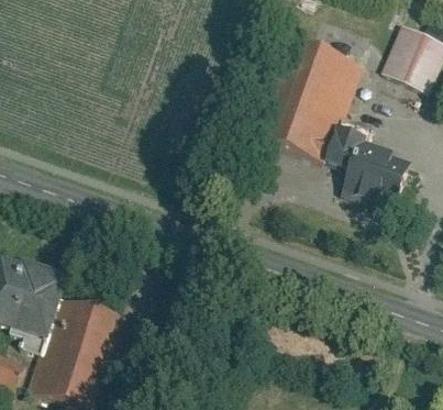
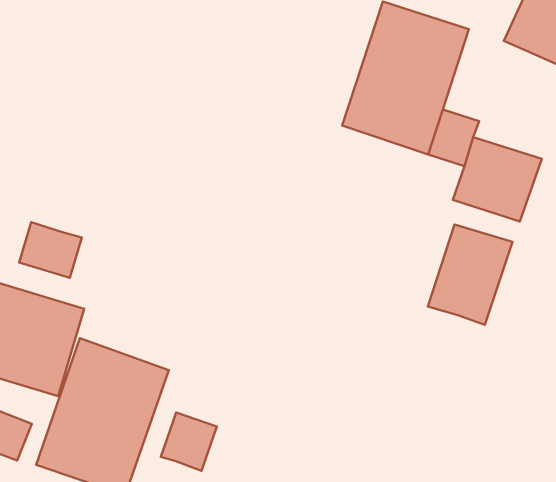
building: none -> [19,222,82,278]
building: none -> [428,225,512,325]
building: none -> [161,413,217,471]

